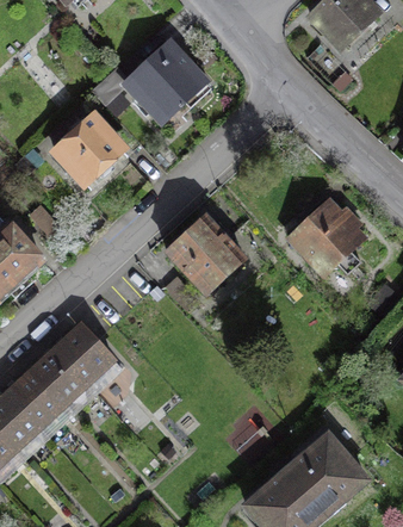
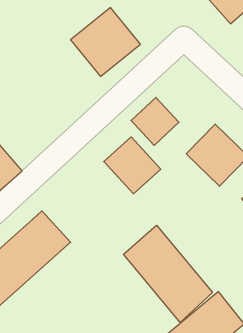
building: [48,111,129,192] -> none
building: none -> [131,97,179,145]
building: none -> [124,225,212,322]

